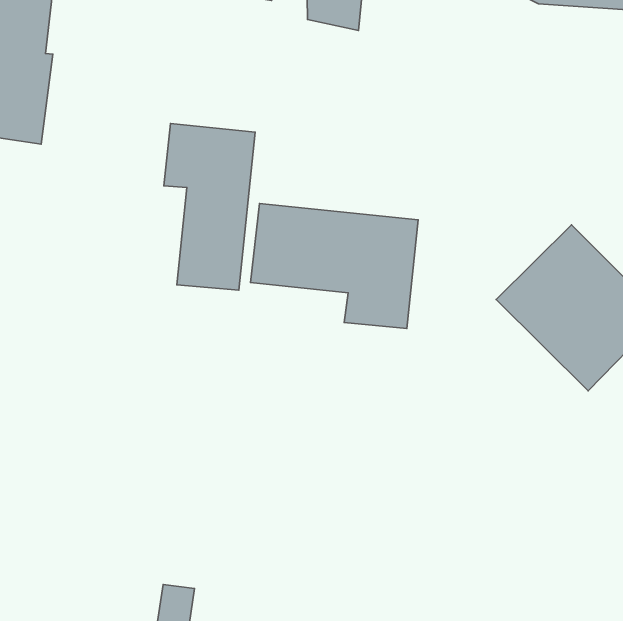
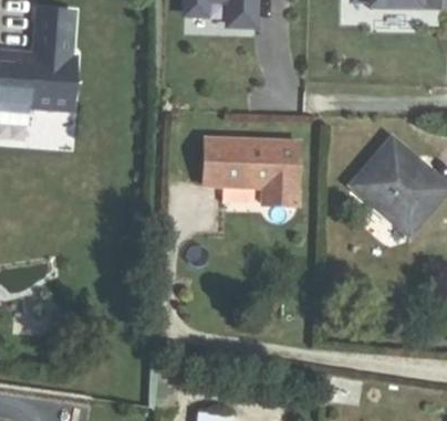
building: [164,123,255,290] -> none

